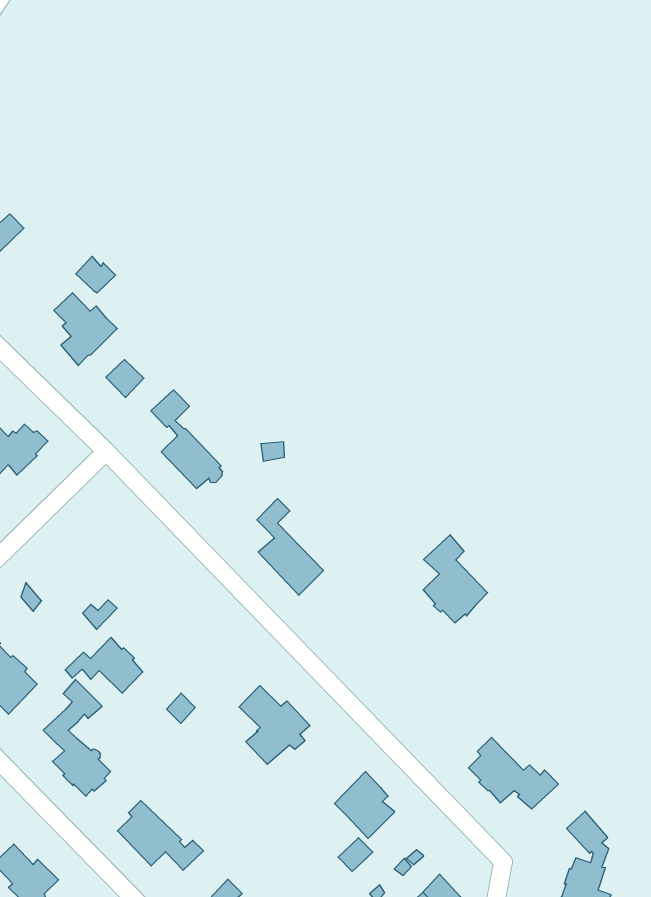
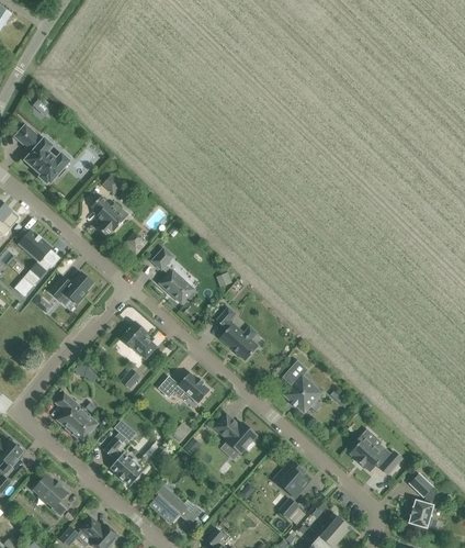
building: none -> [121,321,157,358]
building: [423,535,488,623] -> [283,361,321,412]
building: [65,637,143,693] -> [165,371,209,403]

